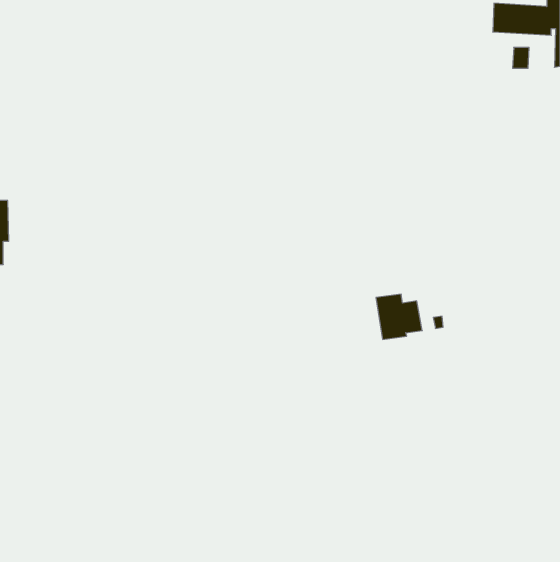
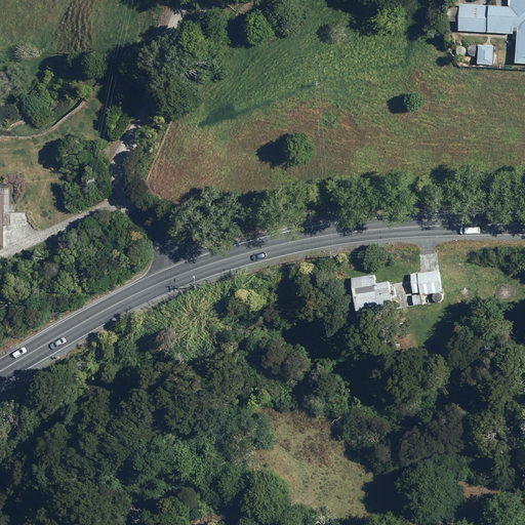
building: none -> [411,270,441,294]

